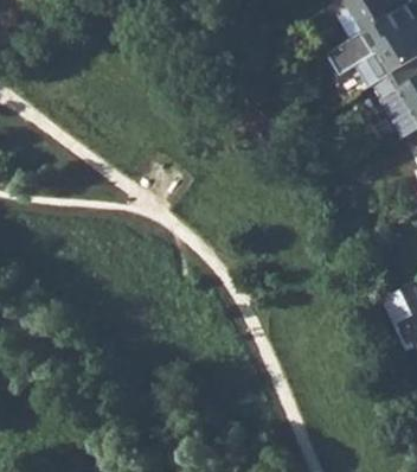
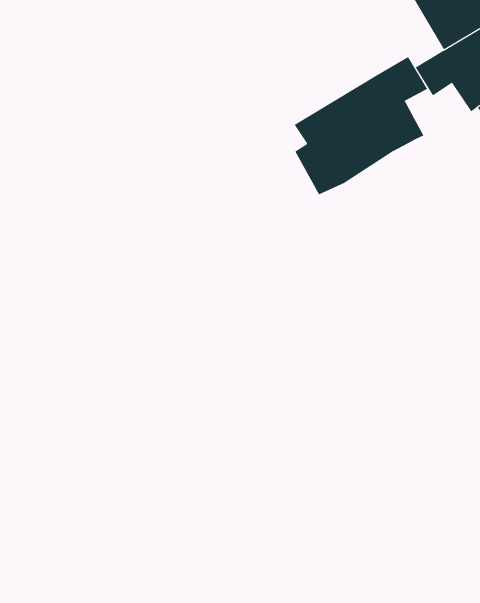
building: none -> [294,56,428,195]

